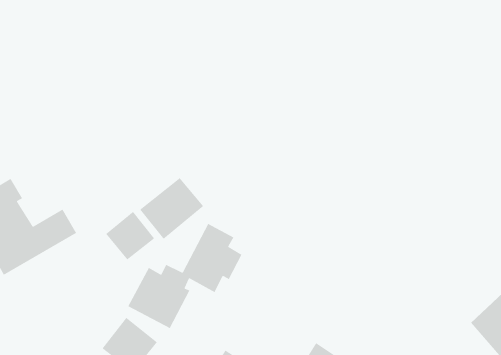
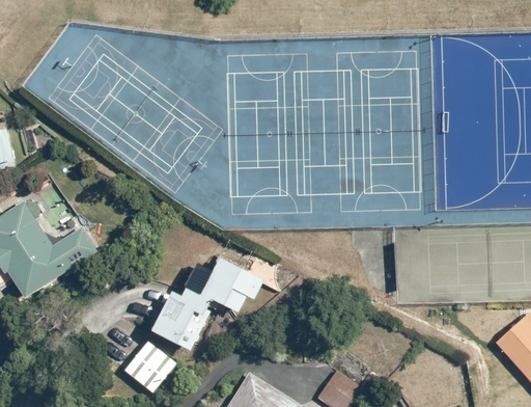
building: [139,177,204,240] -> none
building: [105,211,155,261] -> none

